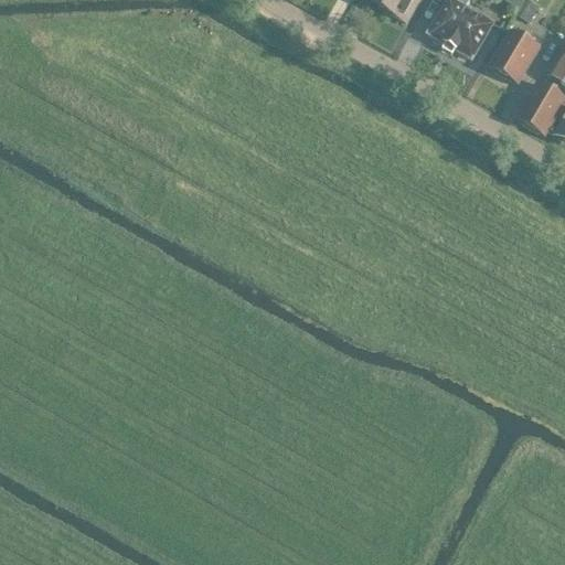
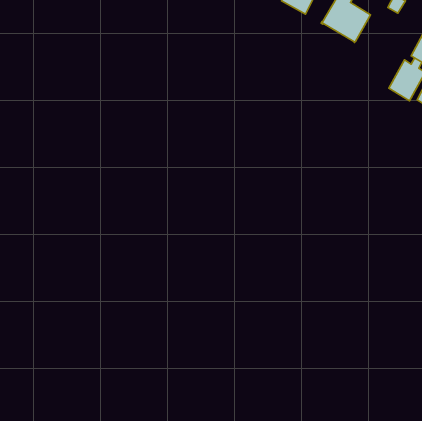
building: [491,26,542,81] -> none

